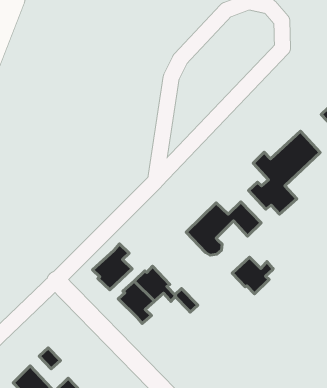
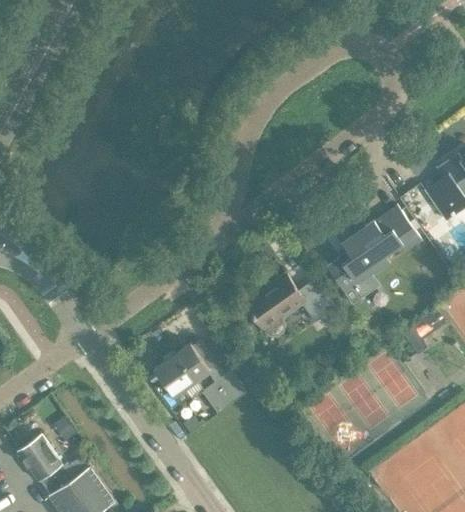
building: [93,244,132,290] -> none
building: [232,257,273,294] -> none
building: none -> [202,378,237,413]

